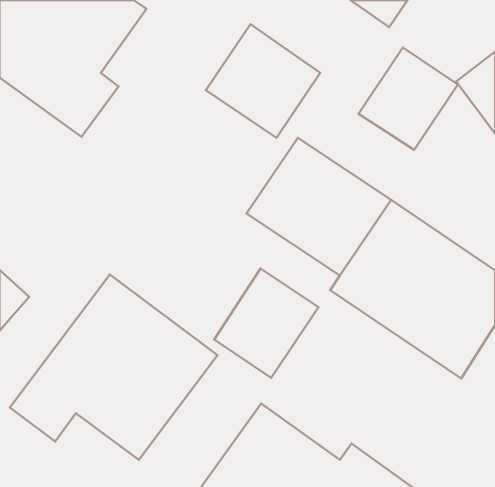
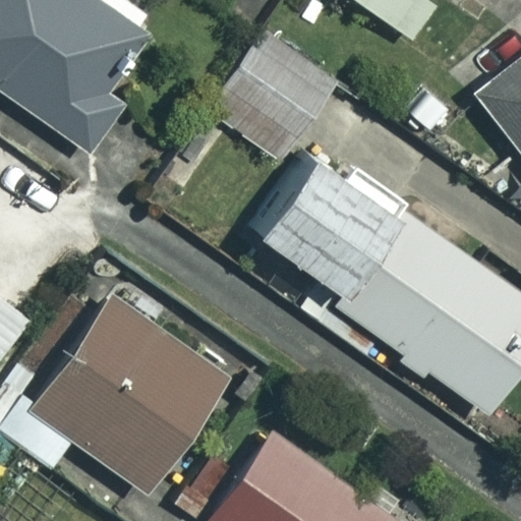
building: [359,48,458,150] -> none
building: [214,269,319,378] -> none

